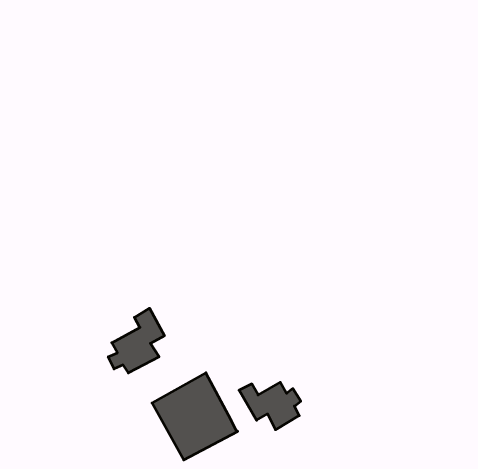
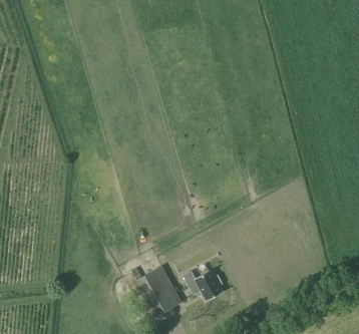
building: [108,308,164,373] -> none

